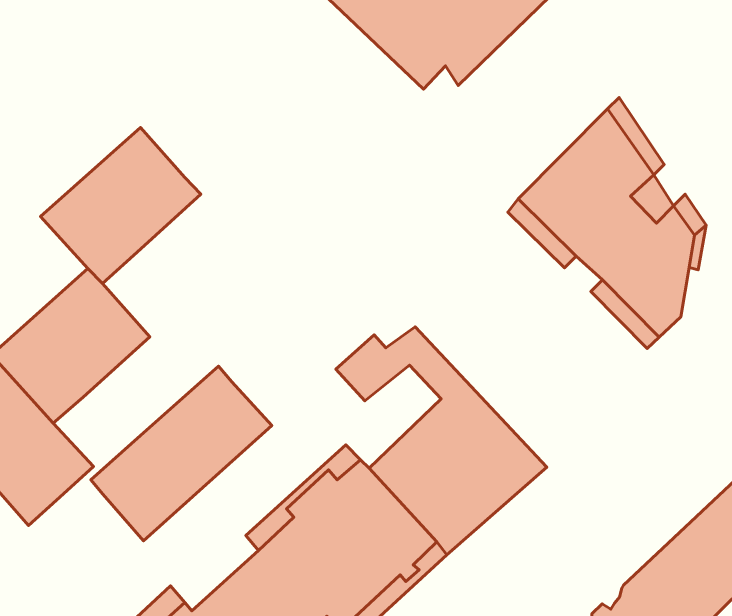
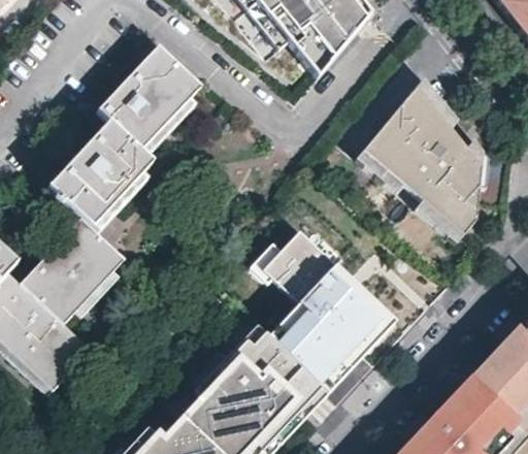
building: none -> [97,44,203,152]
building: [91,366,272,541] -> none

